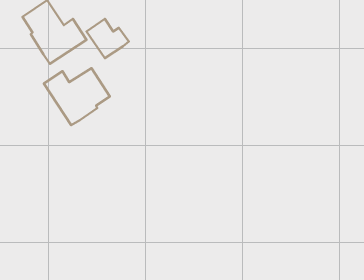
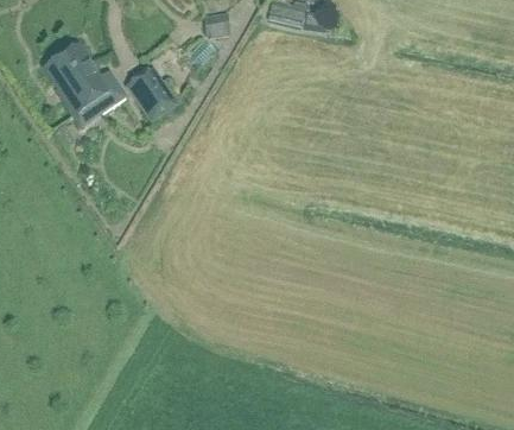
building: [44,68,110,125] -> none

